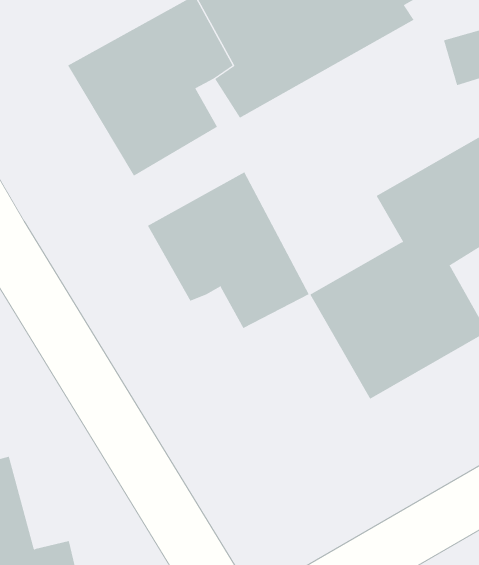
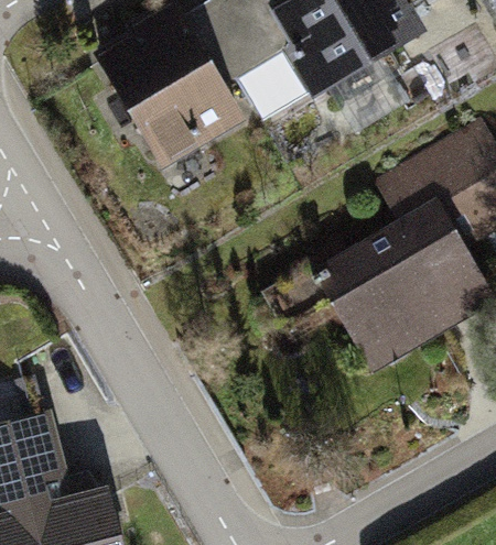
building: [147,171,309,329] -> none

